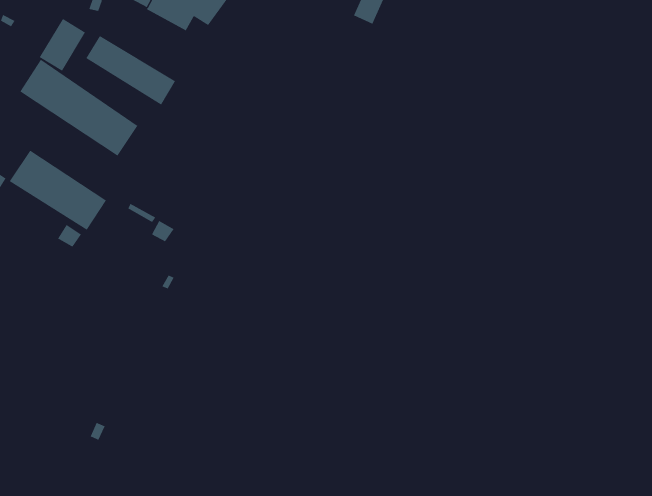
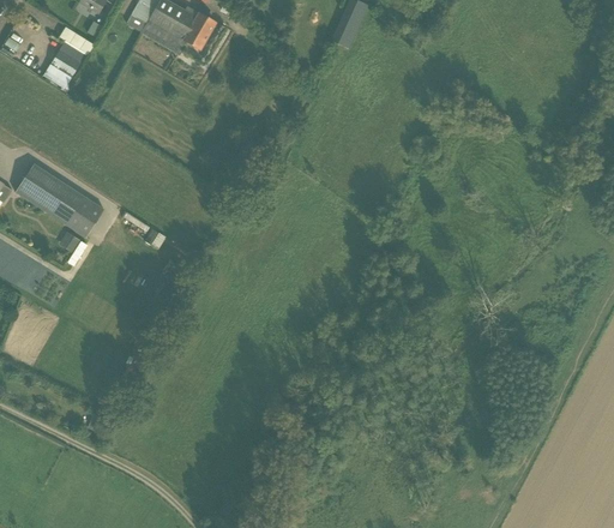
building: [85,35,176,105] -> none
building: [19,59,138,156] -> none

